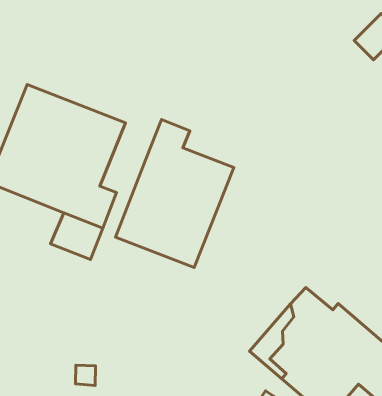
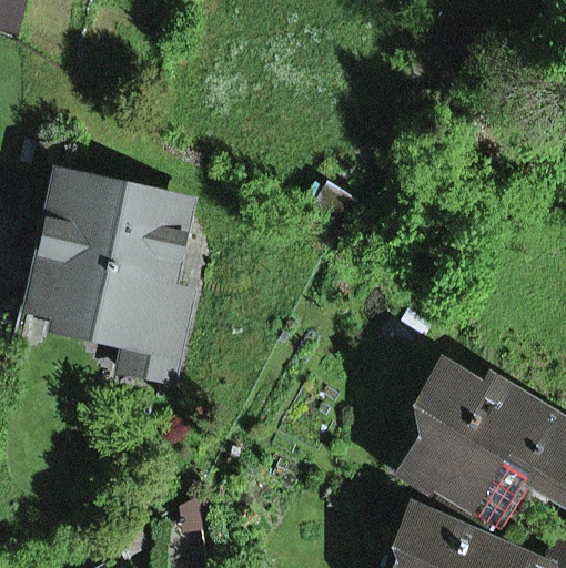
building: [115,120,234,267] -> none

